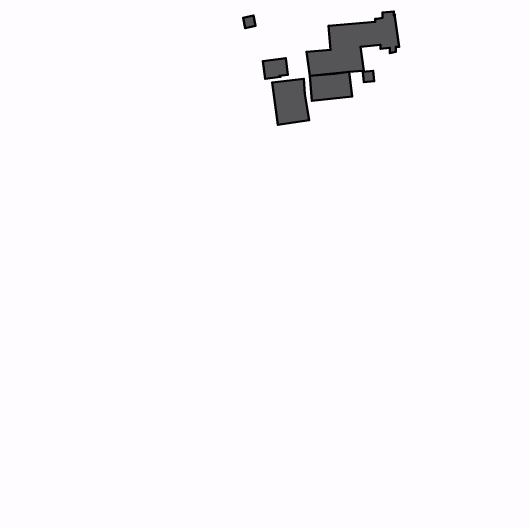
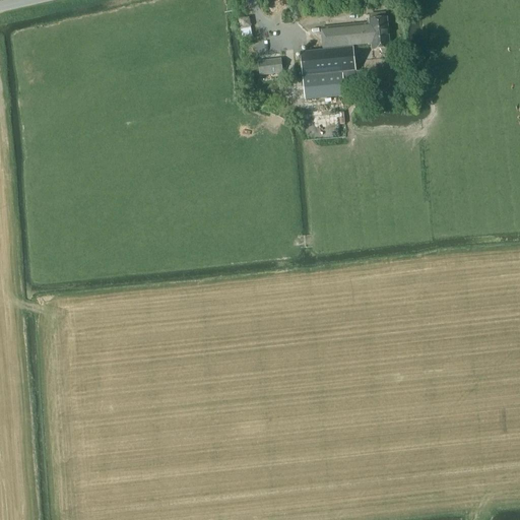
building: [272,79,309,125] -> none

